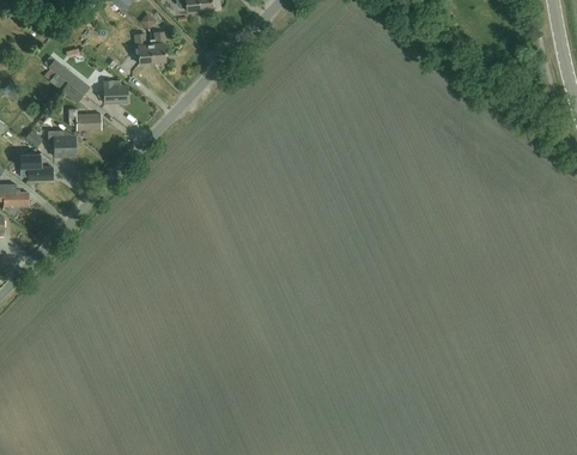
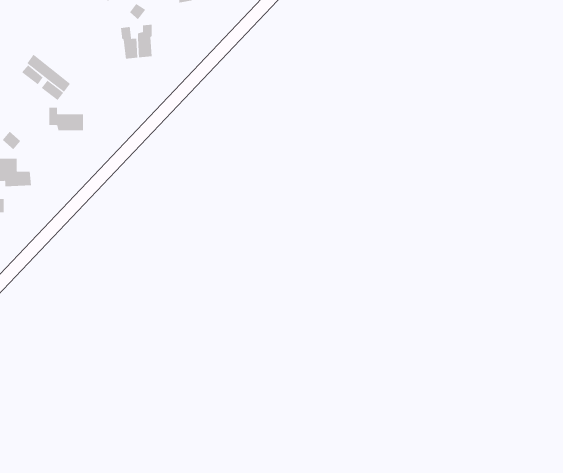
building: [97,80,127,103] -> none
building: [48,129,74,156] -> none

